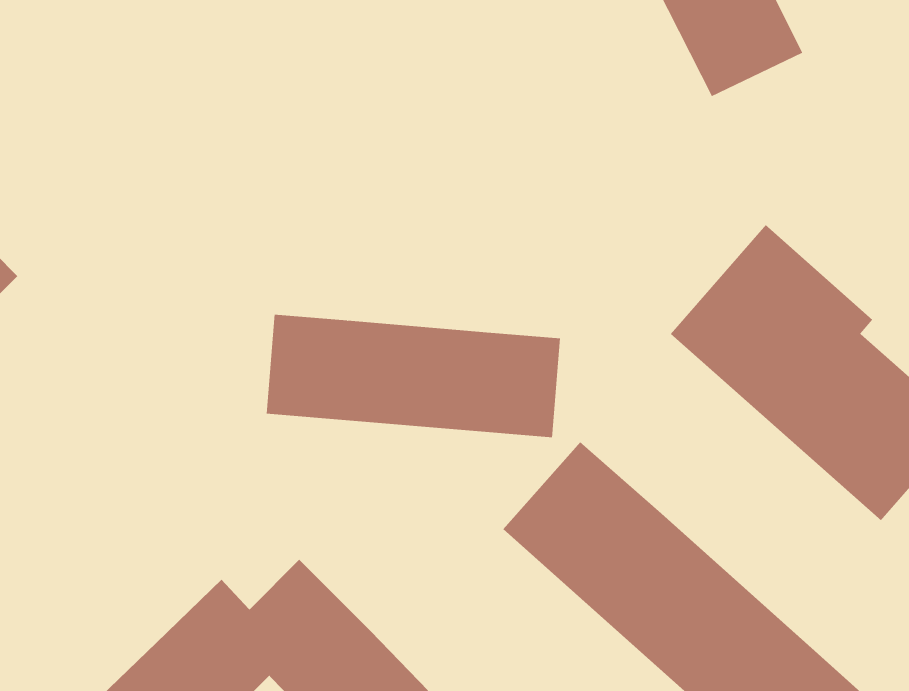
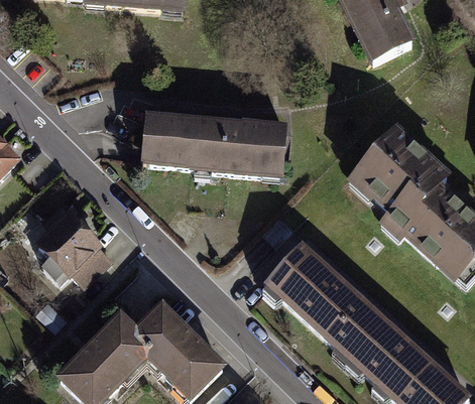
building: [266,314,561,438] -> [138,114,287,176]
building: none -> [29,206,111,288]

